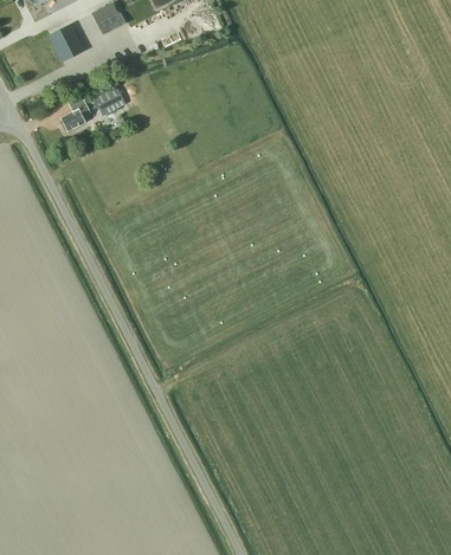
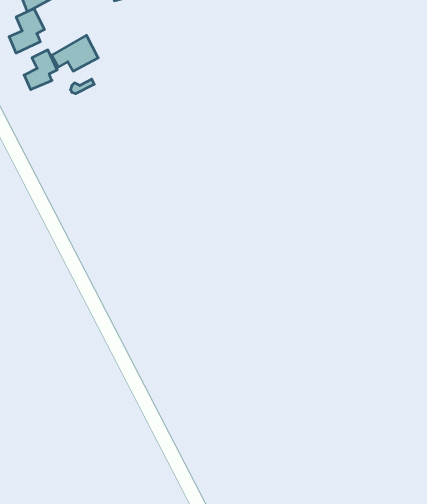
building: none -> [9,9,44,53]

